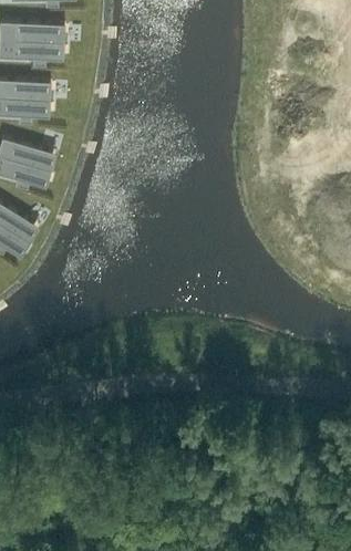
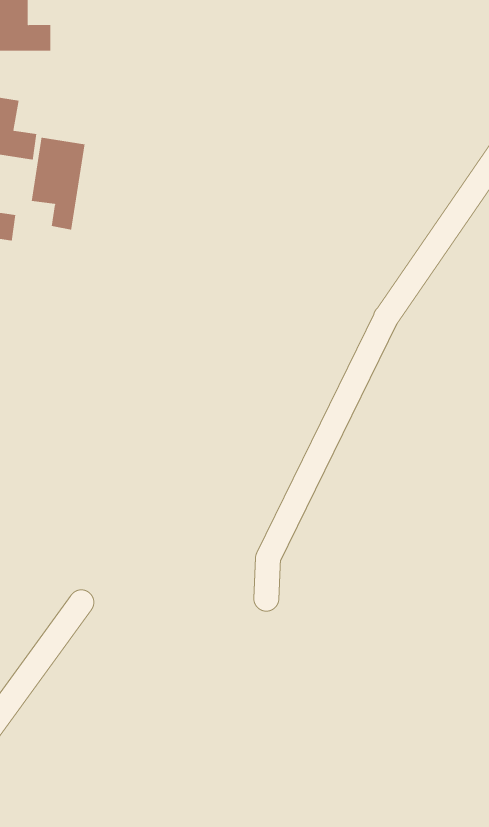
building: none -> [31,137,85,230]

